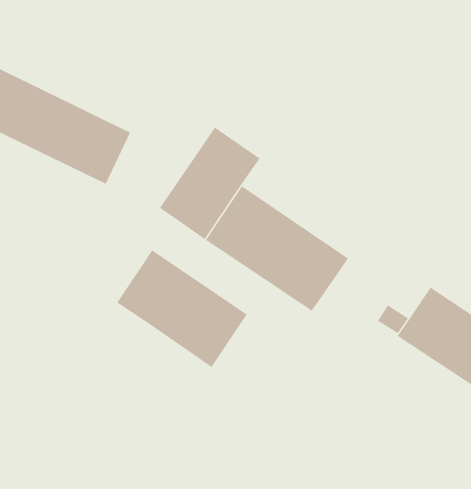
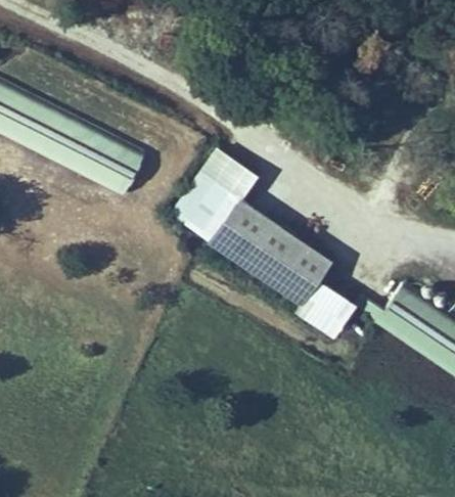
building: [116,249,247,368] -> none
building: none -> [298,281,360,343]

